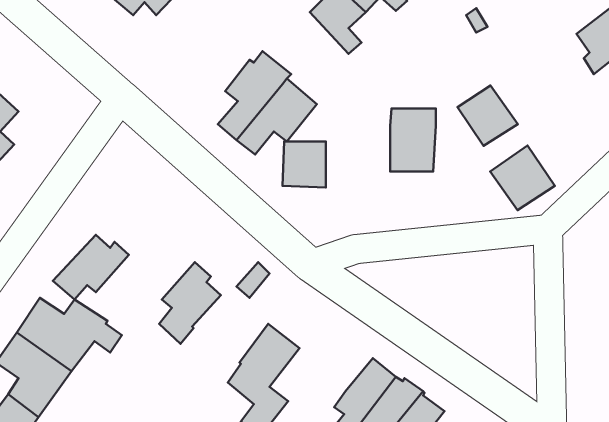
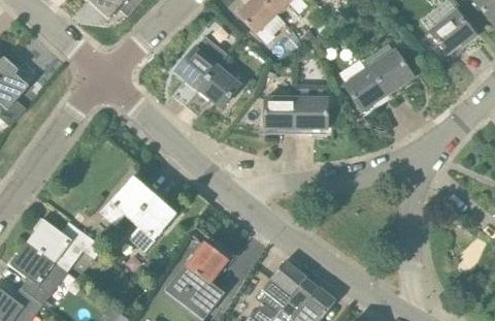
building: [283,142,326,187] -> [264,96,295,129]
building: [490,146,555,210] -> [367,49,414,95]
building: [53,235,129,299] -> [100,180,155,226]

